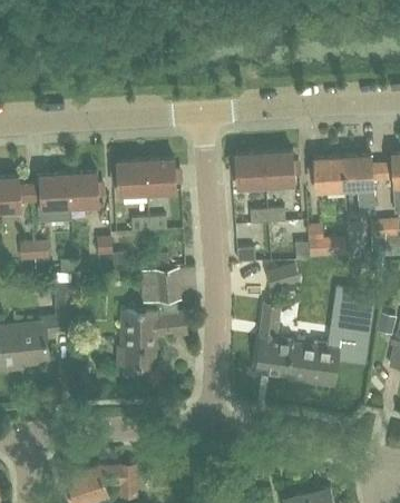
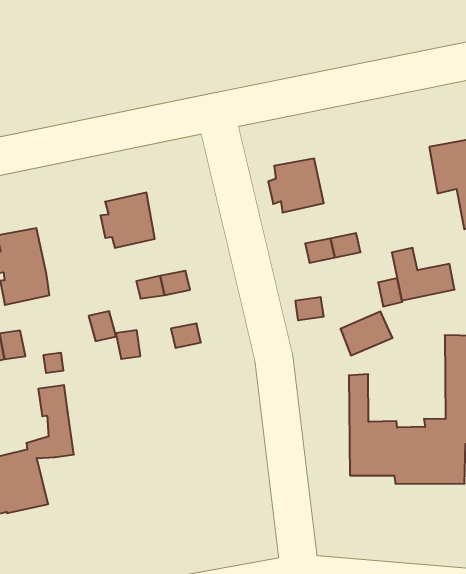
building: [263,152,299,186] -> none
building: [310,158,343,191] -> none
building: [146,159,181,194] -> none
building: [68,172,103,207] -> none
building: [121,270,187,367] -> none

